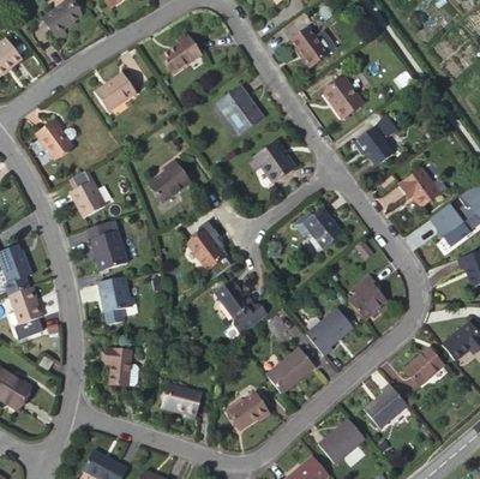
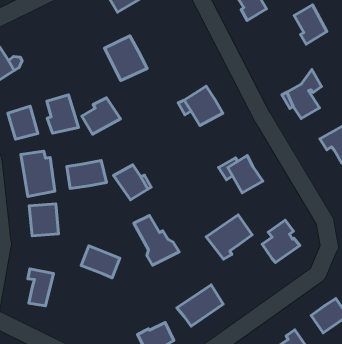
building: [95,72,133,108] -> none
building: [326,76,362,118] -> [294,5,327,44]
building: [215,88,262,136] -> [105,36,147,81]
building: none -> [47,95,78,133]
building: none -> [67,161,107,189]
building: [305,309,353,357] -> [206,215,252,259]
building: [160,384,199,415] -> [81,246,120,278]

